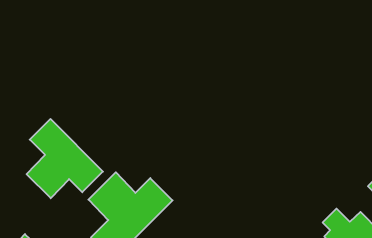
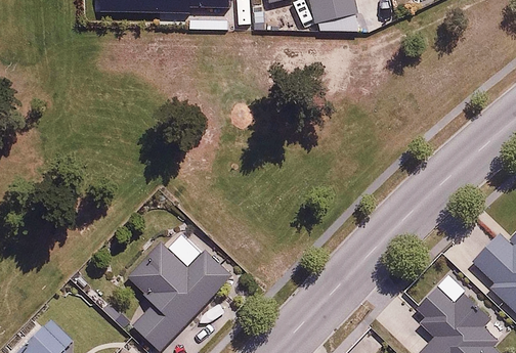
building: [27,119,103,198] -> none

